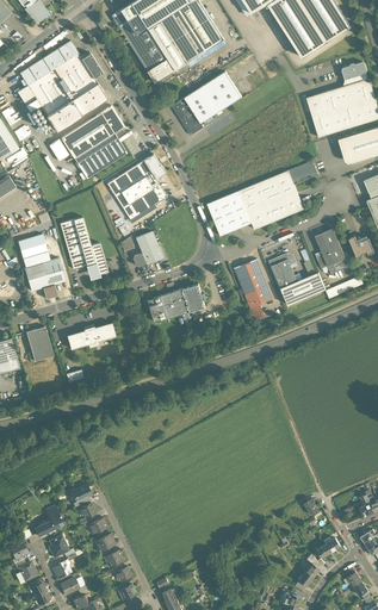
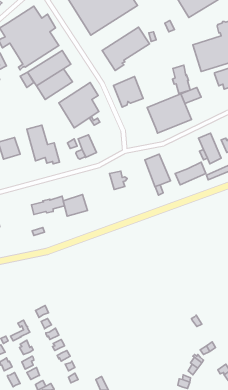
building: none -> [173,65,190,94]
building: [207,191,252,236] -> [113,77,143,107]
building: [268,253,298,288] -> none
building: [25,257,66,291] -> none
building: [154,288,190,320] -> [63,194,87,216]
building: [26,328,52,361] -> none

